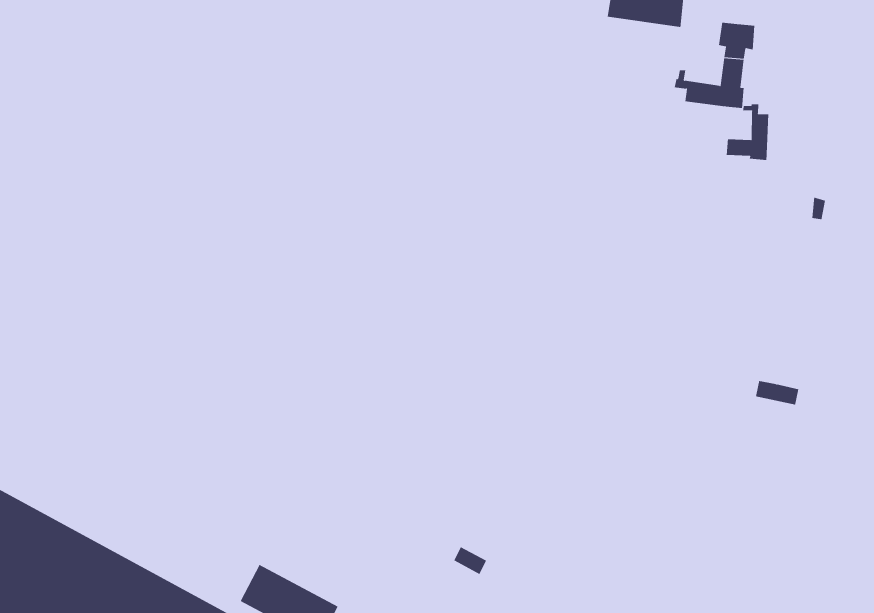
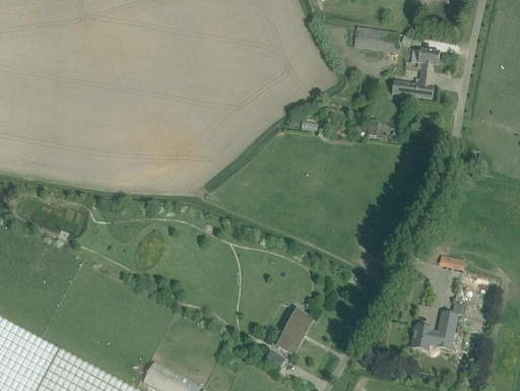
building: [726,104,769,161] -> none
building: none -> [272,300,311,351]
building: none -> [410,311,463,350]

